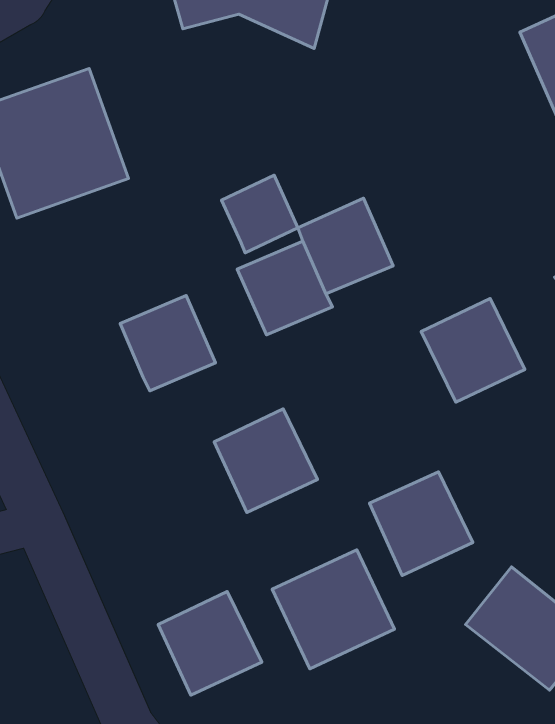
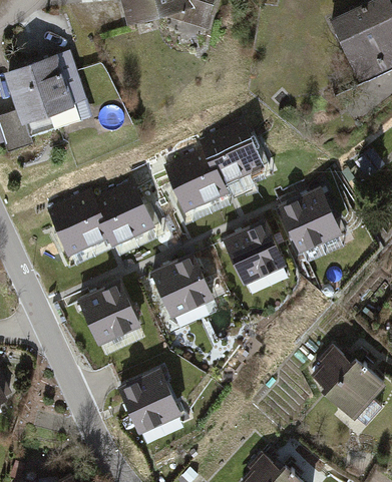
building: [221,175,298,253] -> none
building: none -> [50,196,107,254]
building: none -> [76,283,138,346]
building: [369,472,473,575] -> [221,220,284,284]
building: [272,550,395,669] -> none

